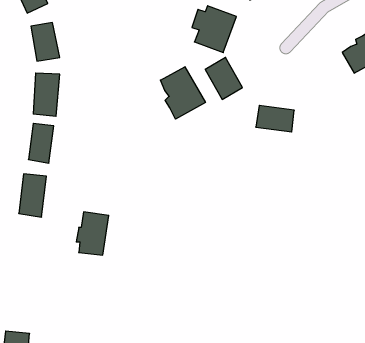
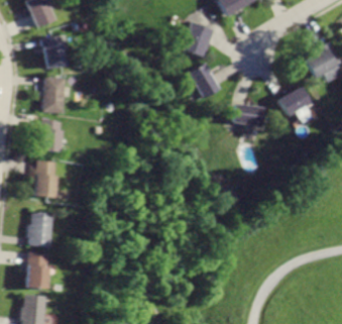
building: [160,67,205,119] -> none
building: none -> [280,86,314,115]
building: [76,212,109,255] -> [27,210,54,246]
building: none -> [24,252,48,287]

